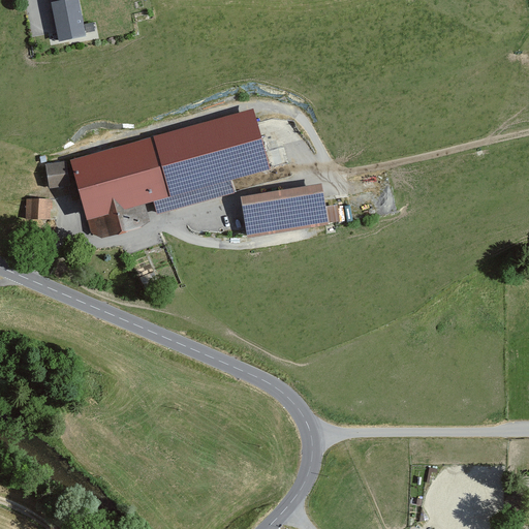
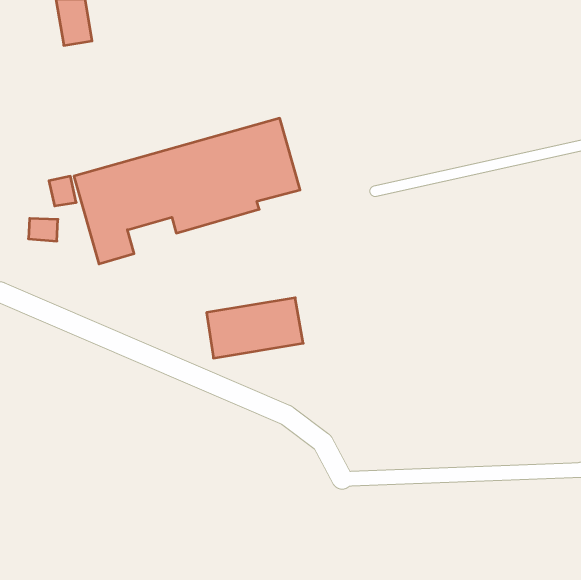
building: [242,184,330,239] -> [207,298,303,358]

